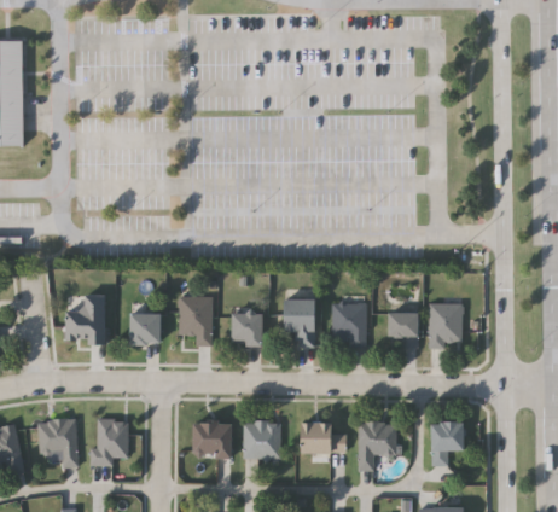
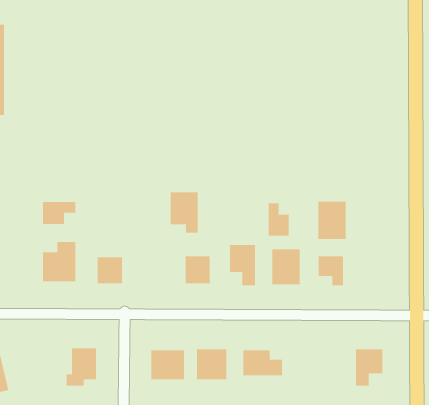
building: none -> [42,201,76,225]
building: none -> [268,203,289,236]
building: [179,297,213,345] -> [170,192,199,233]
building: [430,303,464,348] -> [317,201,346,239]
building: [40,419,79,467] -> none
building: [359,421,397,470] -> none

